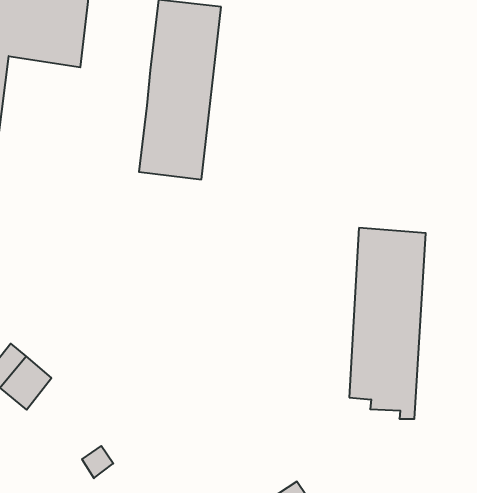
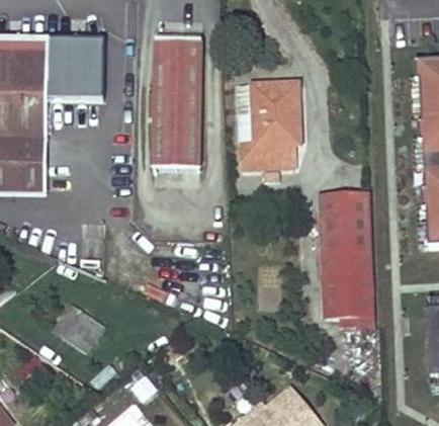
building: none -> [241,85,300,169]

